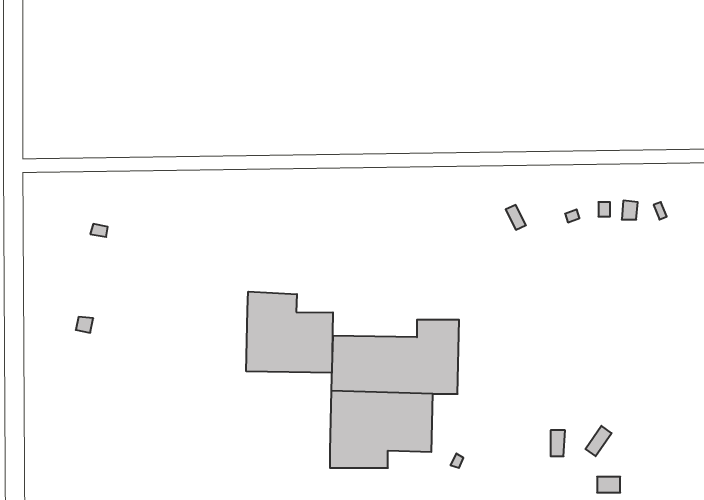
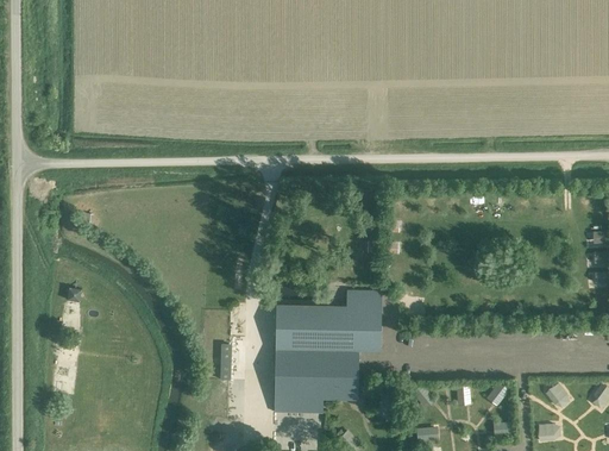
building: [246,292,333,373] -> none

